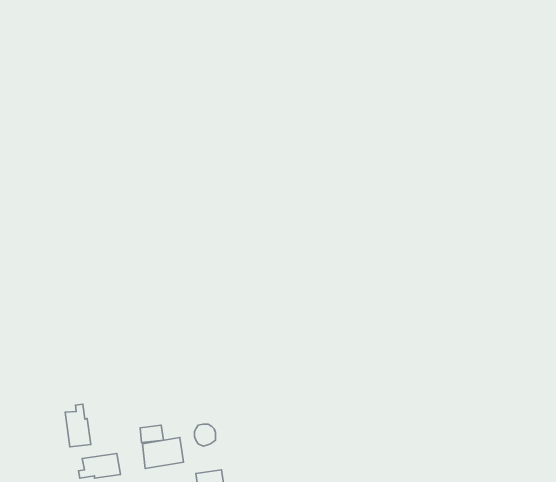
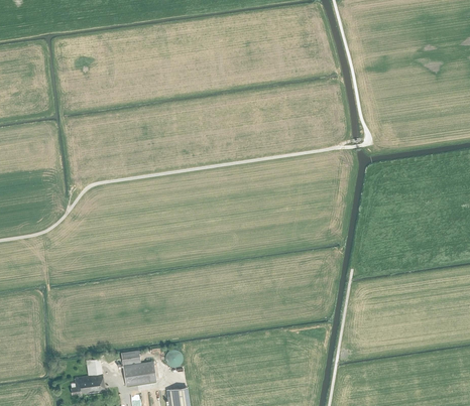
building: [65,404,91,447] -> none

